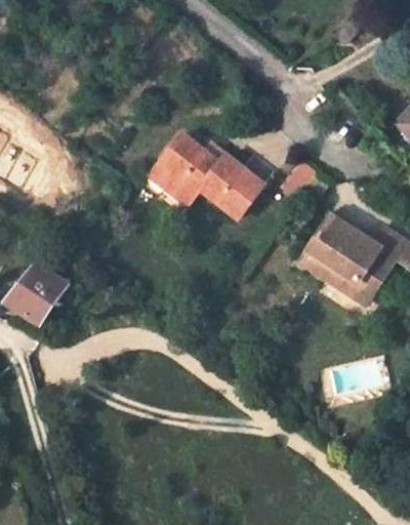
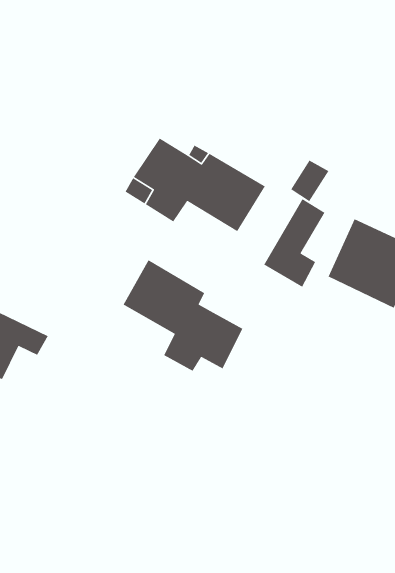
building: none -> [263,198,325,288]
building: none -> [123,259,243,372]

